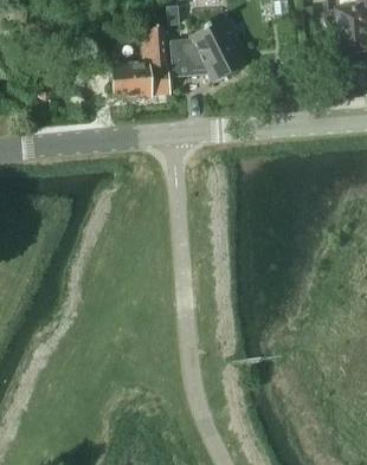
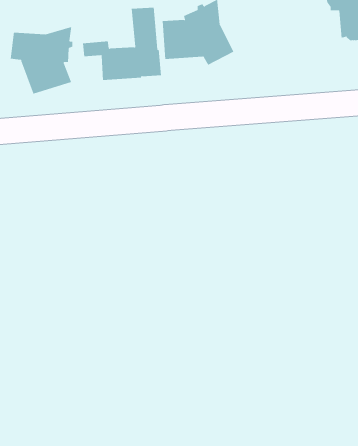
building: none -> [10,26,73,94]

